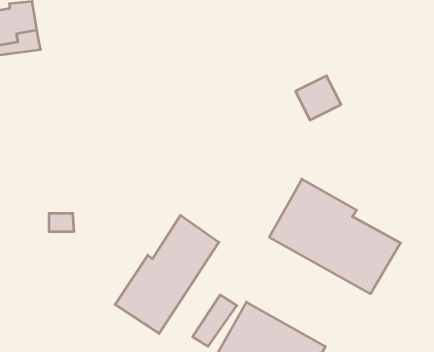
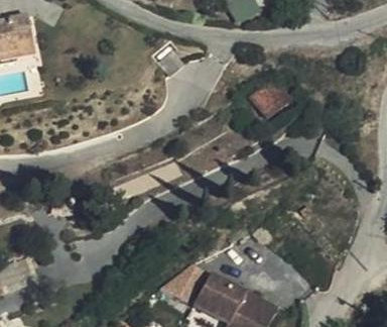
building: [269,179,401,294] -> none
building: [115,215,219,334] -> none

